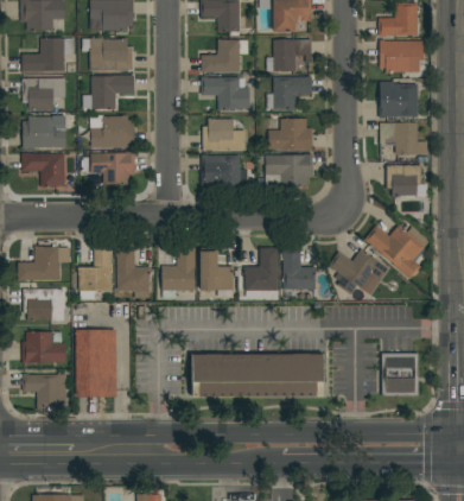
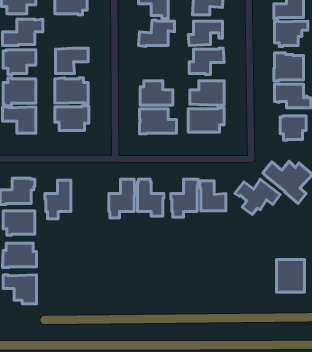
building: [82,38,133,71] -> none
building: [201,77,249,112] -> none
building: [116,249,151,299] -> none
building: [76,330,116,398] -> none
building: [191,354,323,397] -> none

